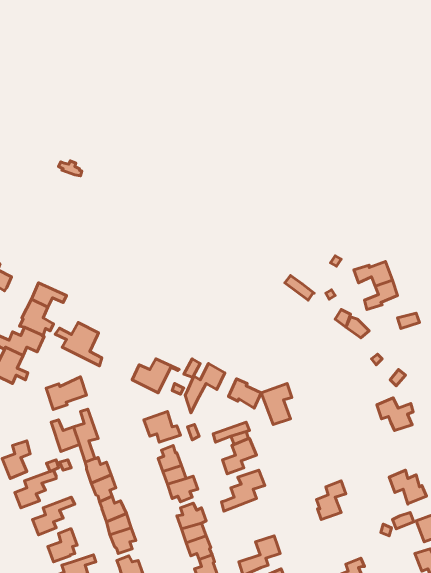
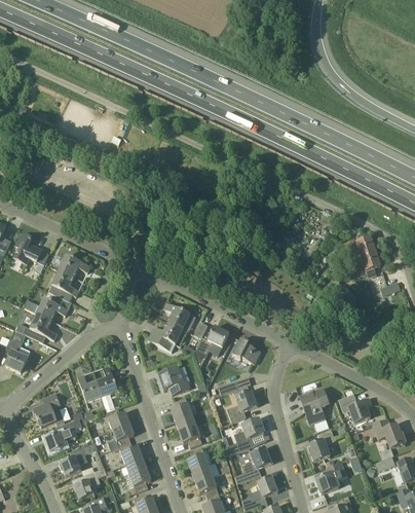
building: [55,322,102,366] -> none
building: none -> [163,302,195,331]
building: [46,377,87,409] -> none
building: [261,384,292,425] -> [300,389,327,425]
building: [377,398,413,431] -> [339,394,371,423]
building: none -> [234,448,271,483]
building: none -> [315,462,346,493]

